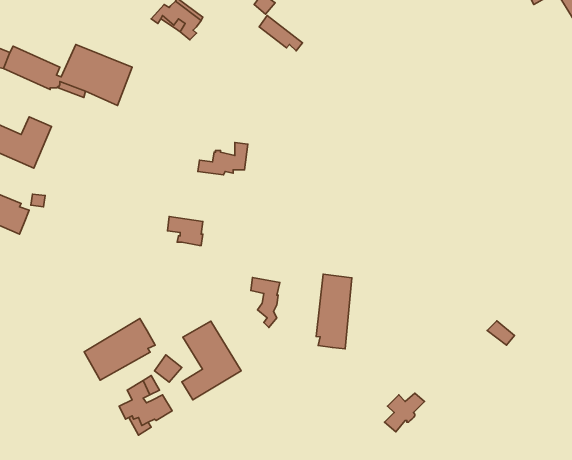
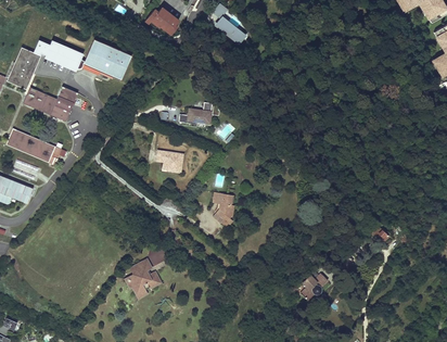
building: [316,274,352,349] -> none
building: [84,318,155,380] -> none
building: [182,321,241,400] -> none

